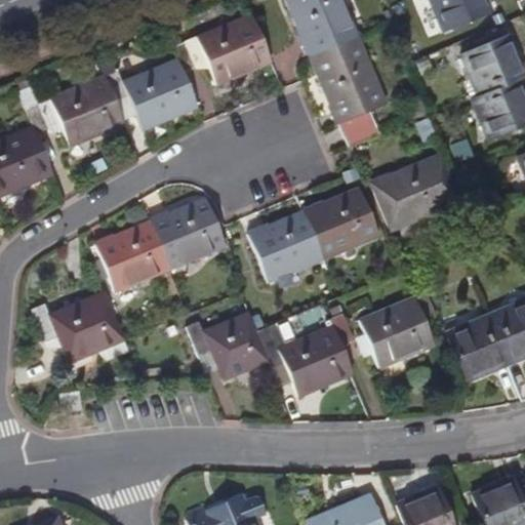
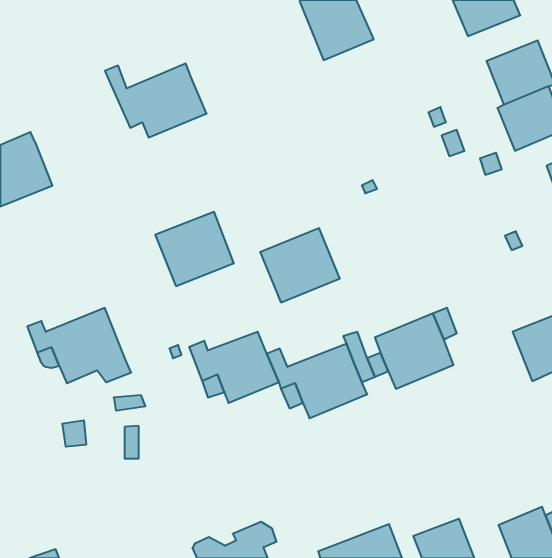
building: [175,14,275,86] -> none
building: [310,37,385,148] -> none
building: [18,76,129,147] -> none
building: [373,157,462,234] -> none
building: [306,193,378,261] -> none
building: [97,220,171,290] -> none
building: [445,312,506,374] -> none

